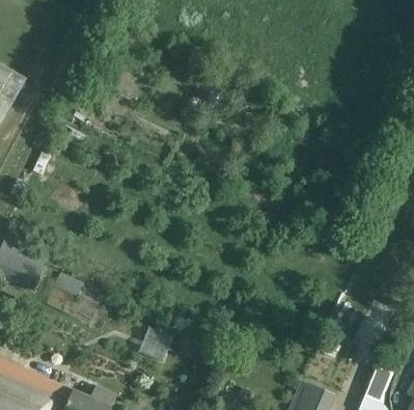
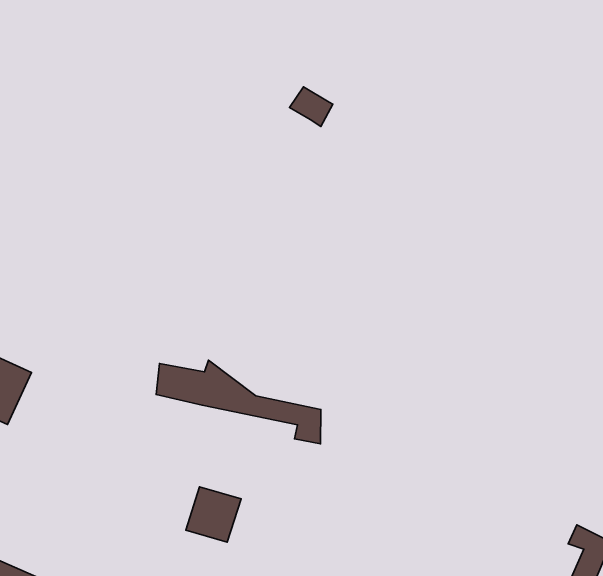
building: none -> [156,360,321,444]

